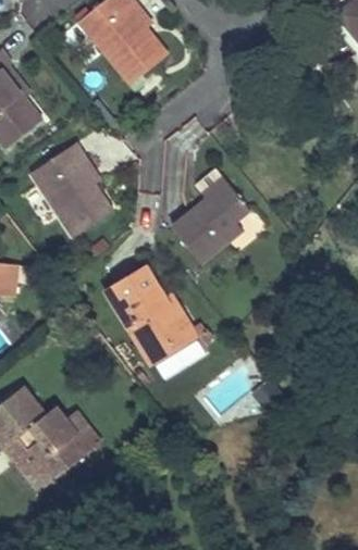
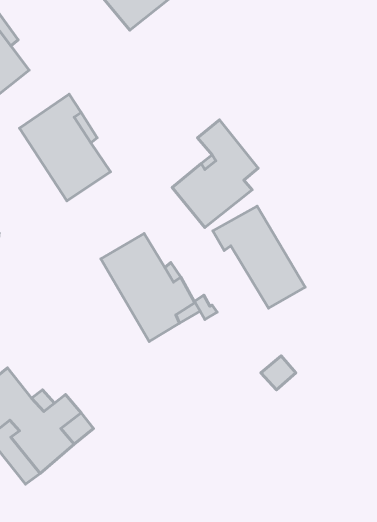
building: none -> [213,206,305,308]

